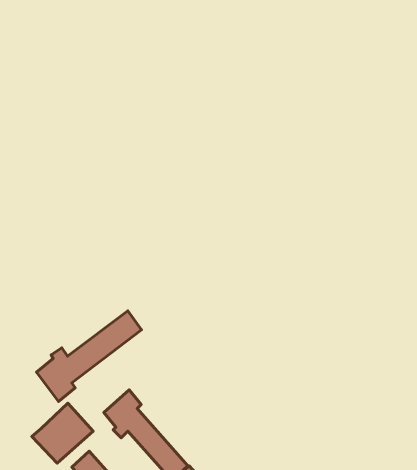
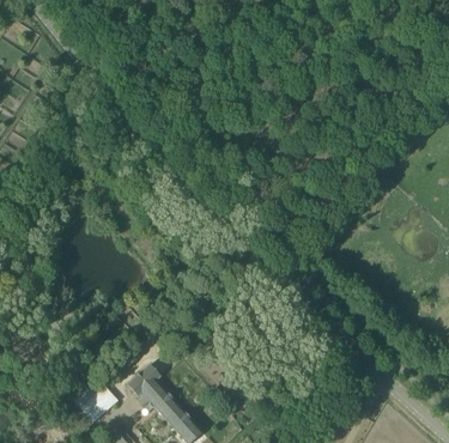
building: [37,311,142,402] -> none

